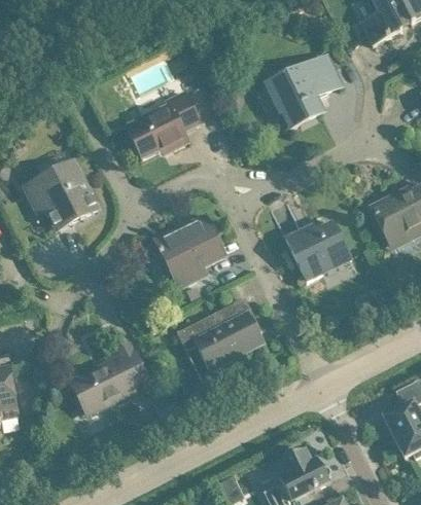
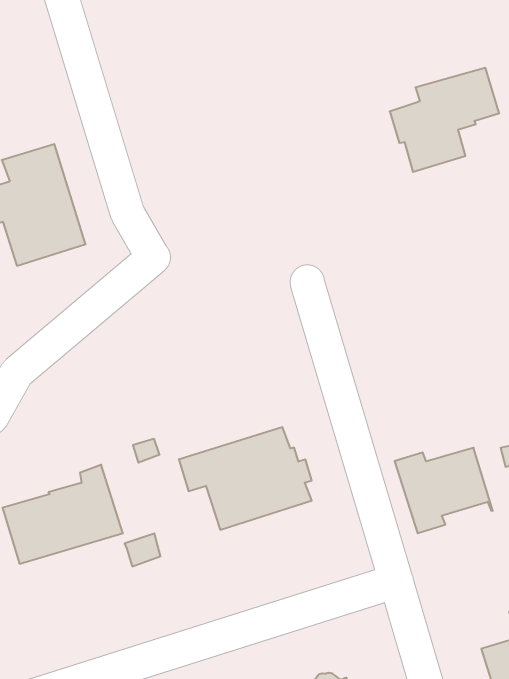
building: [127,91,200,158] -> none
building: [157,216,224,286] -> none
building: [286,221,352,280] -> [395,448,493,533]

